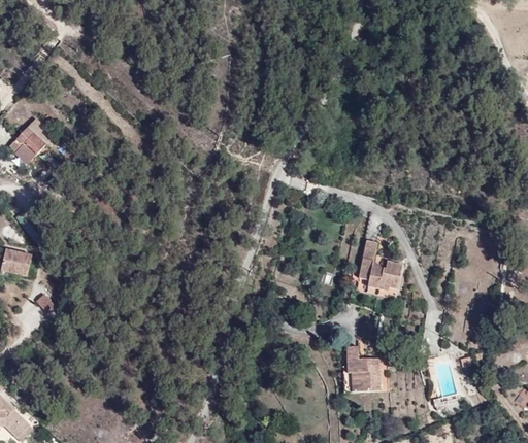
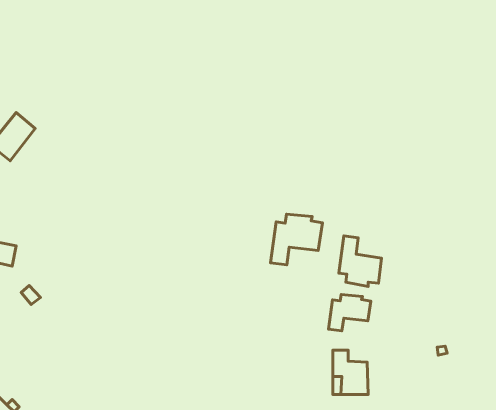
building: none -> [270,214,323,265]
building: none -> [329,294,371,331]

